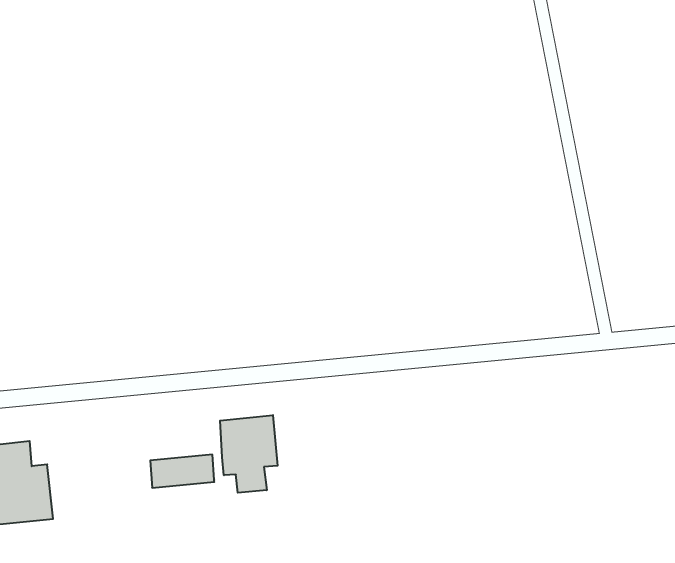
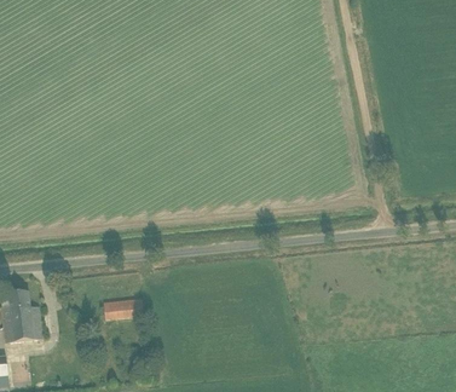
building: [220,415,278,493] -> none

